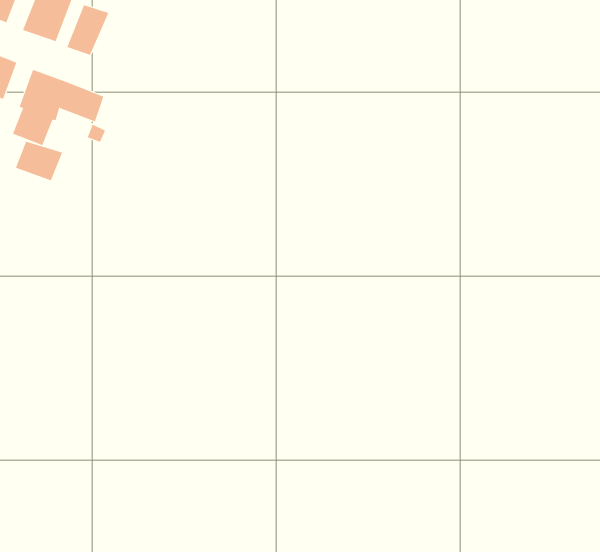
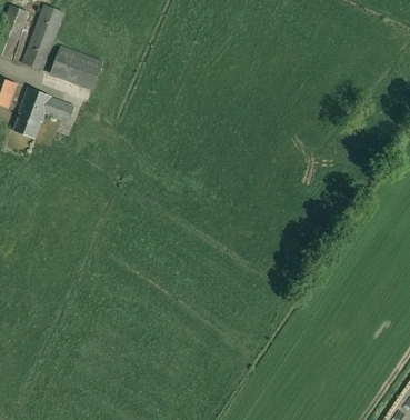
building: none -> [66,51,102,90]
building: [15,141,63,181] -> none

